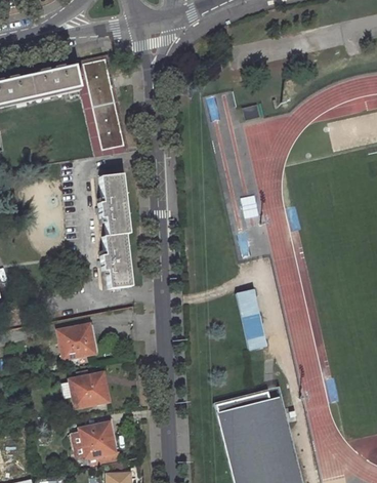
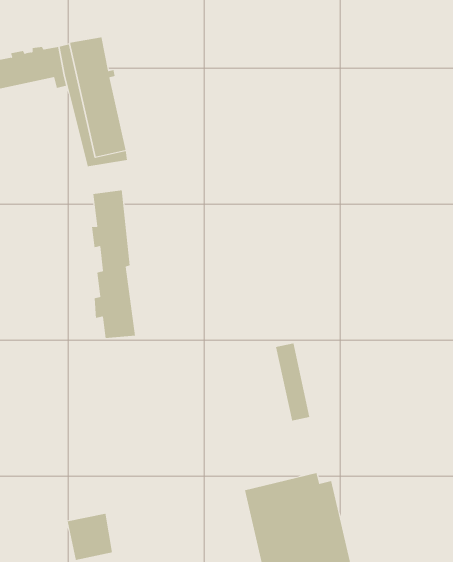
building: [58,321,99,357] -> none
building: [72,371,107,405] -> none

